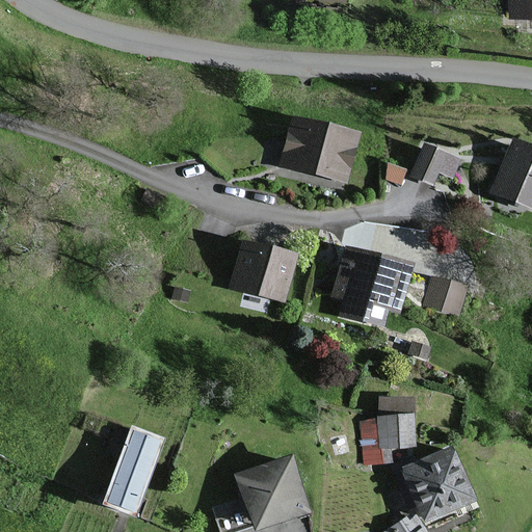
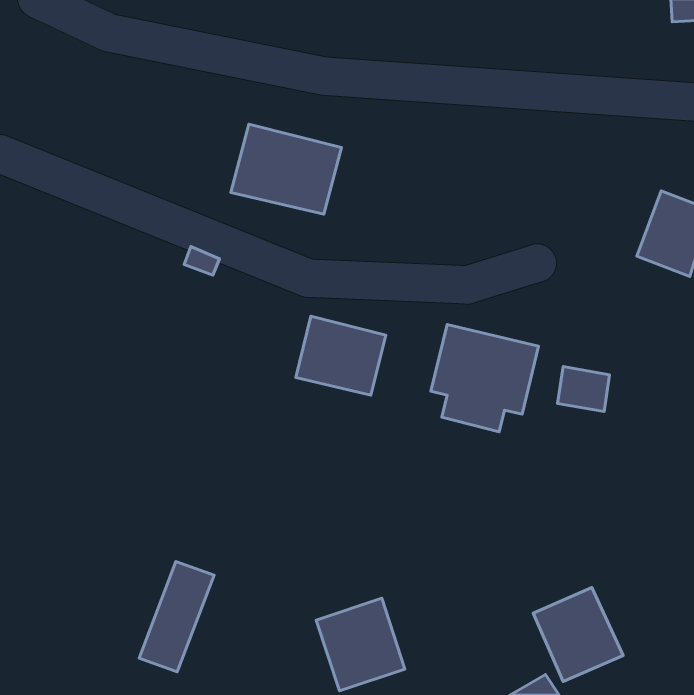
building: [275,115,360,184] -> [231,124,341,214]
building: [410,150,454,185] -> none
building: [360,390,414,458] -> none

